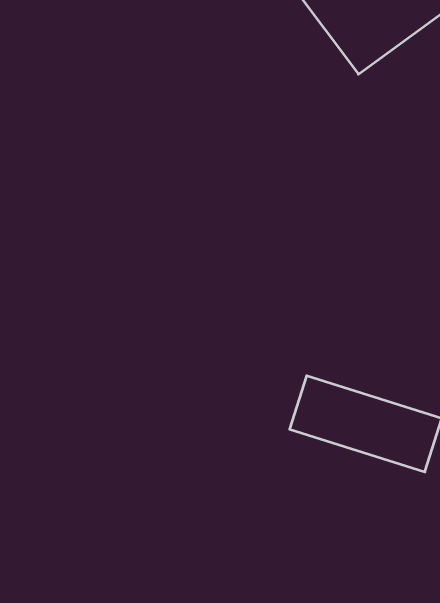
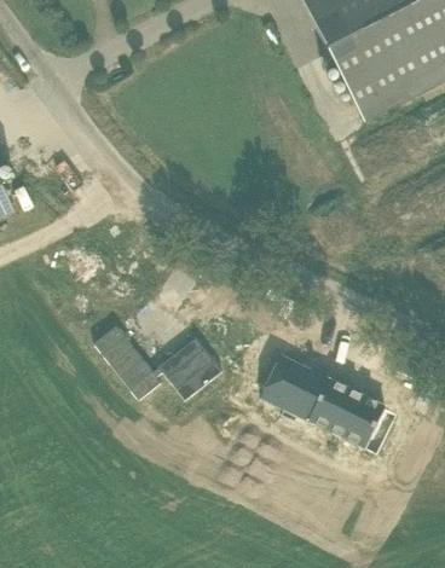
building: none -> [98,323,229,404]

